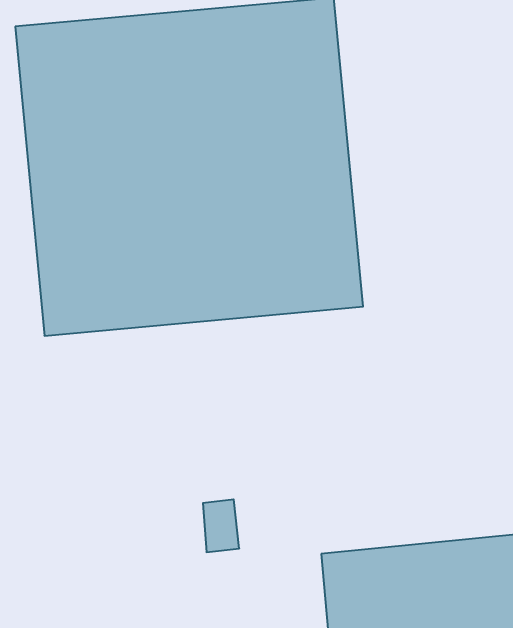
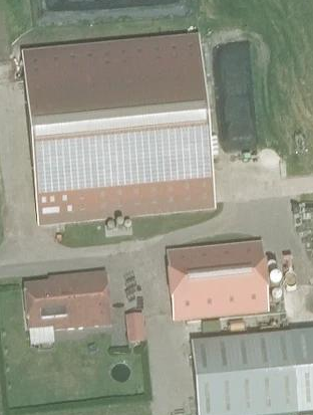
building: none -> [169,240,269,319]
building: none -> [26,270,114,328]

